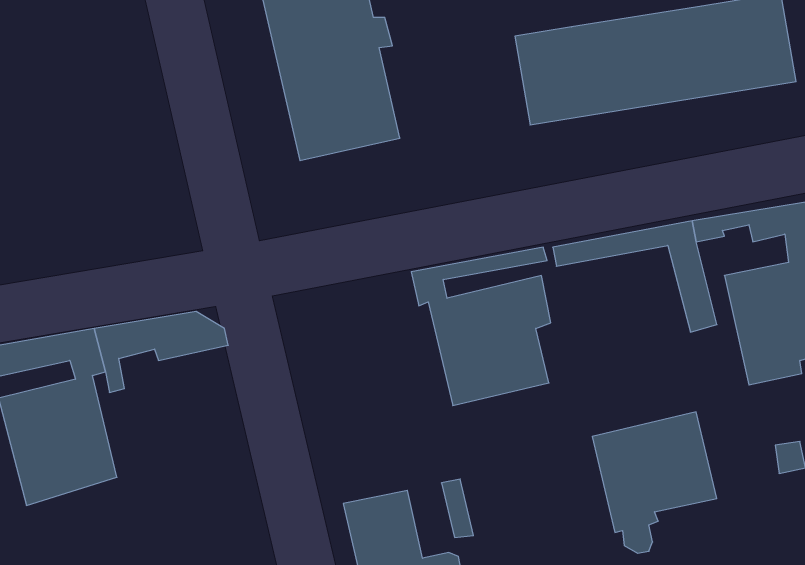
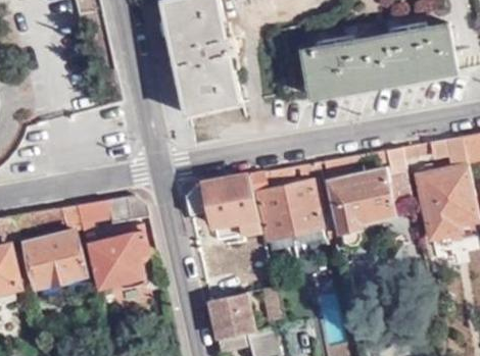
building: none -> [184,175,259,236]
building: none -> [89,225,146,287]
building: [592,412,717,553] -> [324,168,391,245]

